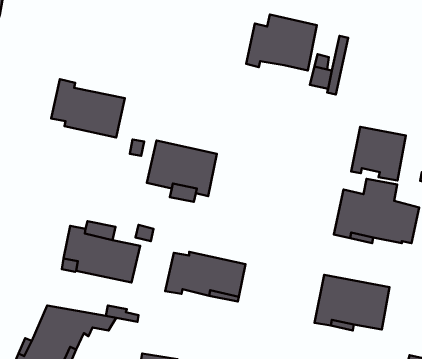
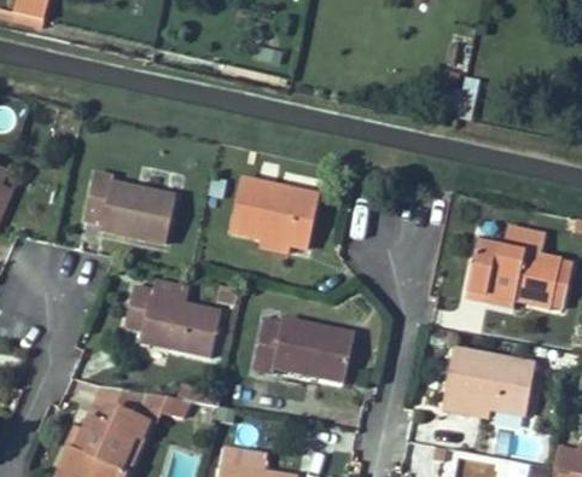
building: [246,15,317,70] -> none
building: [51,79,125,138] -> [83,170,176,244]
building: [351,127,406,180] -> none

